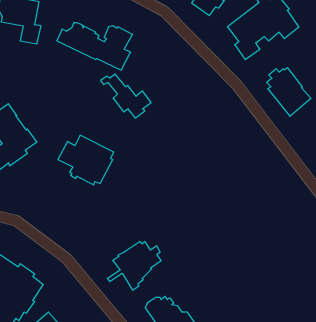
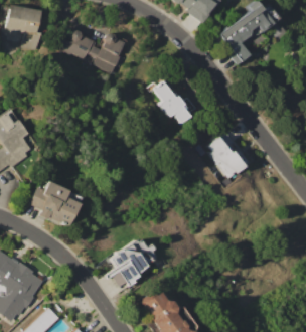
building: [267,68,311,116] -> [207,132,250,178]
building: [101,74,151,118] -> [147,80,195,123]
building: [58,135,114,185] -> [27,180,81,227]

